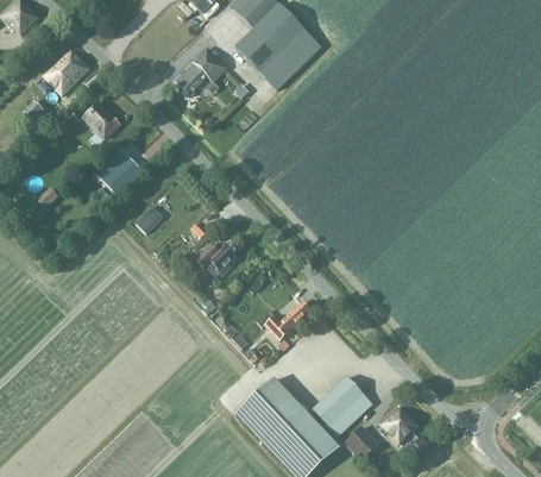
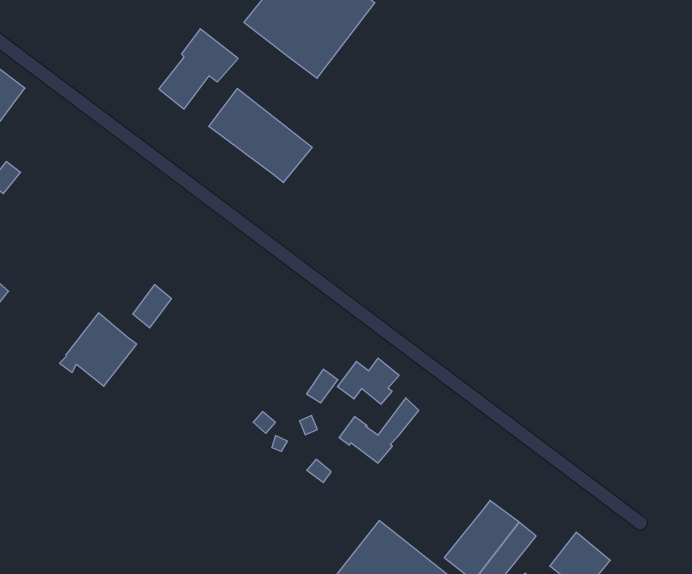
building: none -> [209,89,312,183]
building: [83,103,120,140] -> none
building: [92,148,143,195] -> [60,313,137,386]
building: [196,244,237,274] -> [337,358,399,404]

